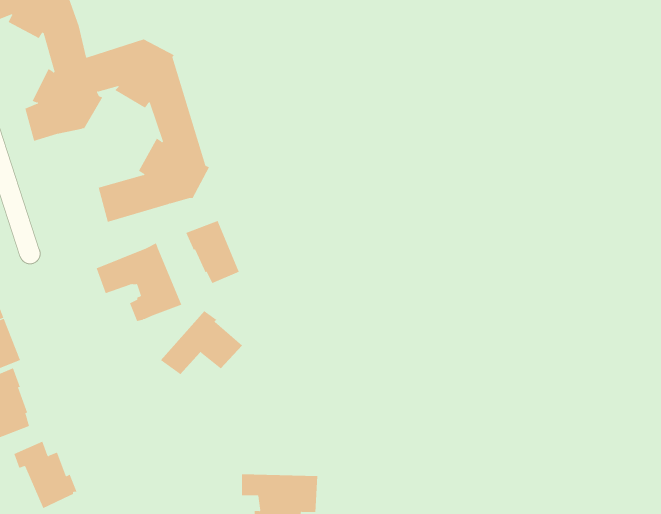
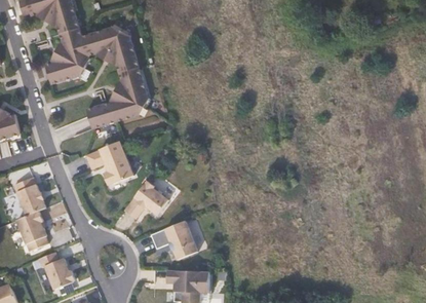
building: [185,220,239,284] -> none
building: none -> [151,220,198,259]

